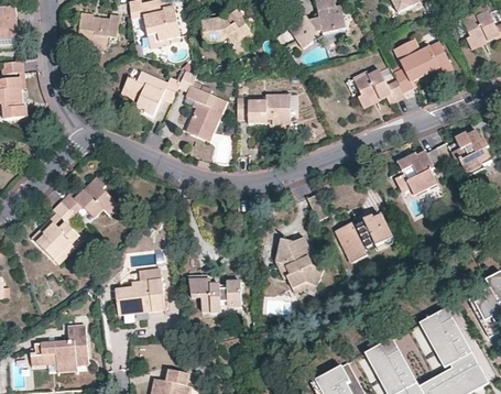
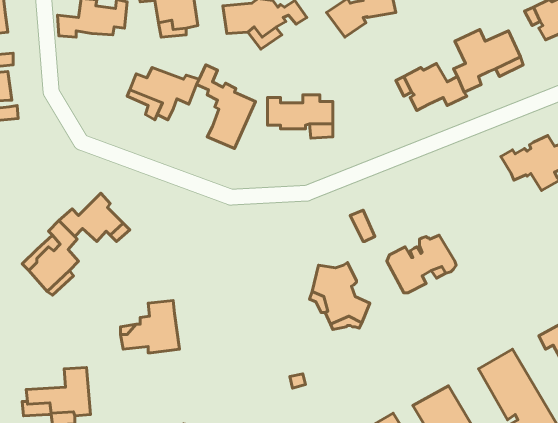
building: [394,145,443,193] -> none
building: [199,278,243,310] -> none

